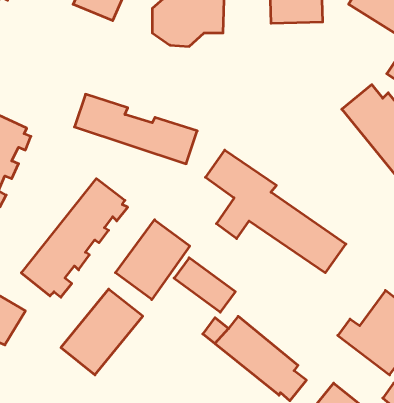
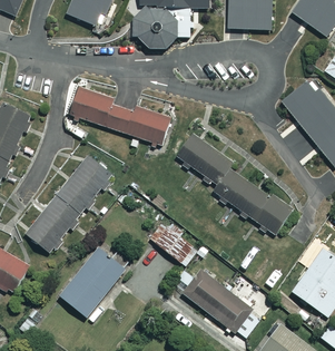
building: [115,220,190,300] -> none

